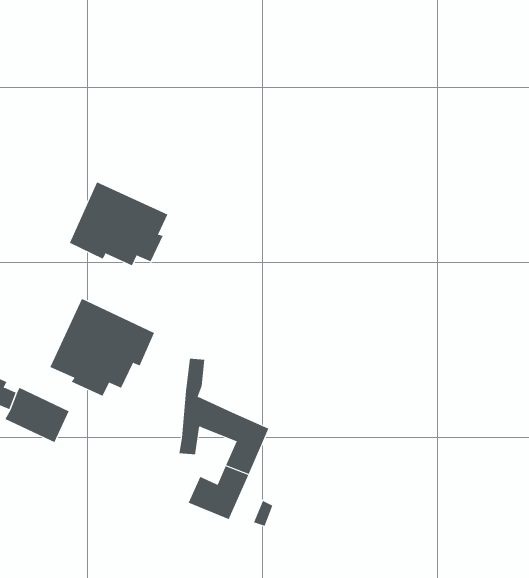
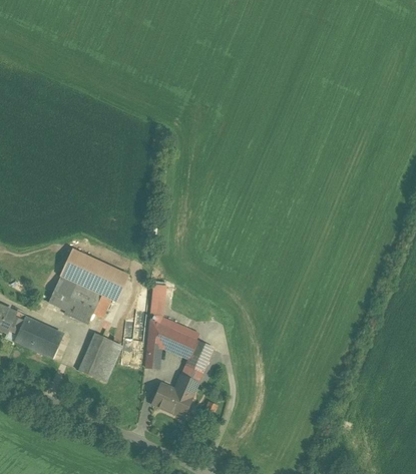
building: [69,181,168,266] -> none
building: none -> [78,332,122,381]

